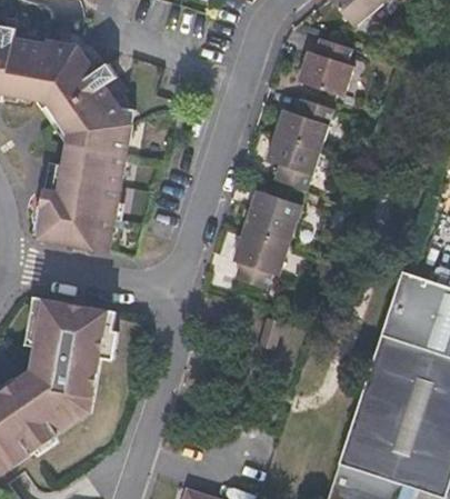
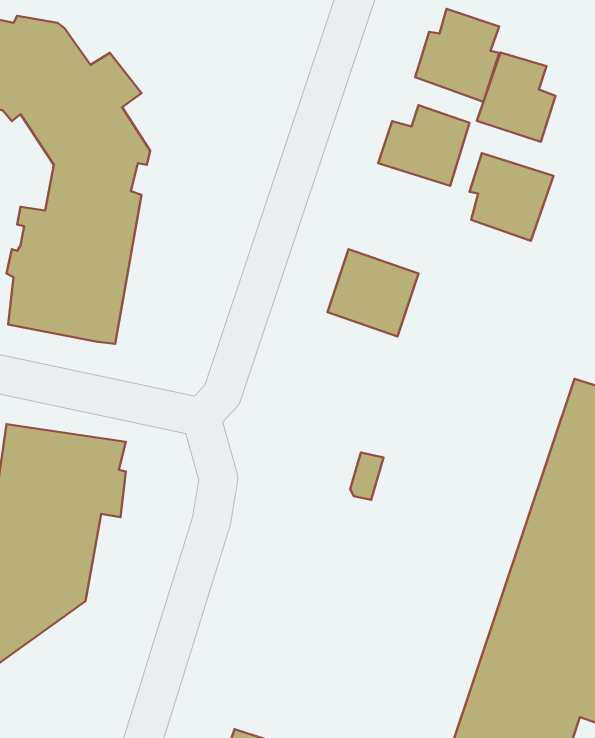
building: none -> [477,52,556,142]
building: [269,133,322,189] -> [469,153,554,241]
building: [234,228,289,287] -> none

